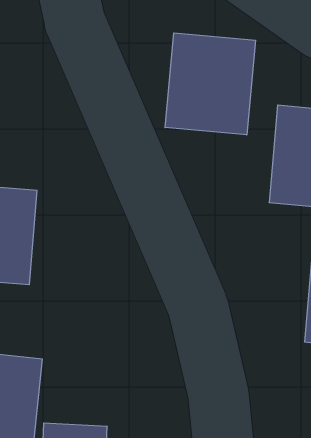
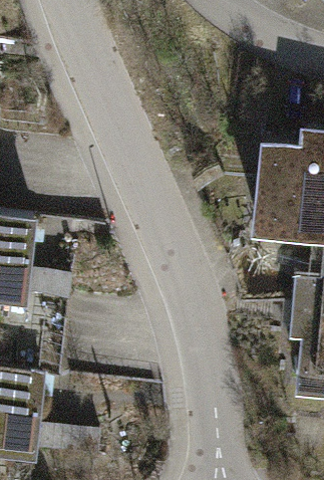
building: [165,33,255,135] -> none

